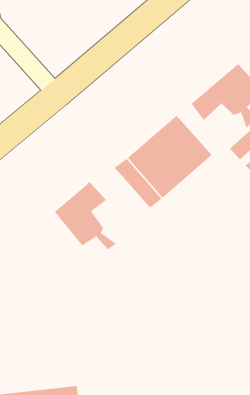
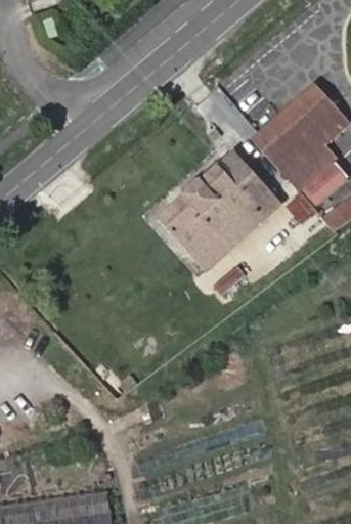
building: none -> [269,141,322,192]
building: [54,181,117,250] -> none

